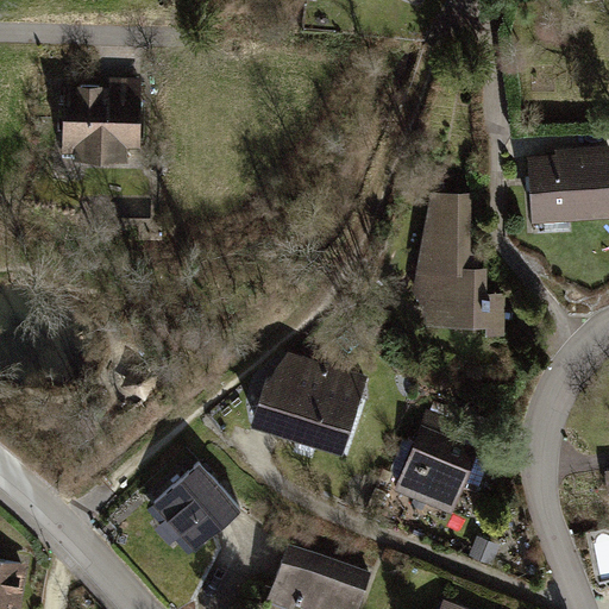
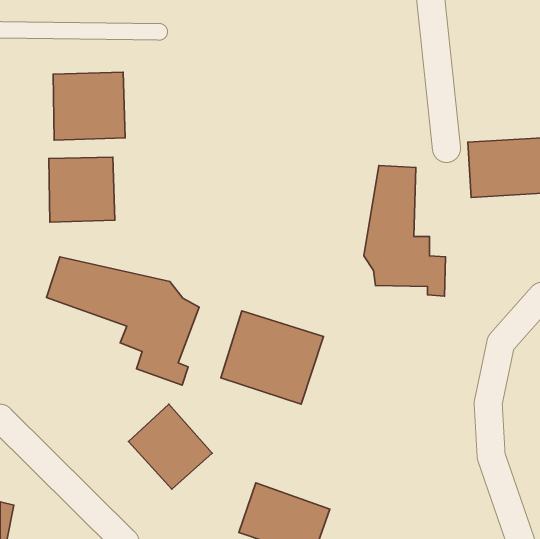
building: none -> [49,157,115,222]
building: none -> [47,257,199,385]
building: [394,425,478,514] -> none

